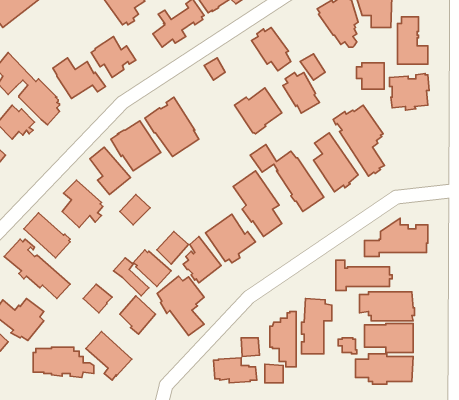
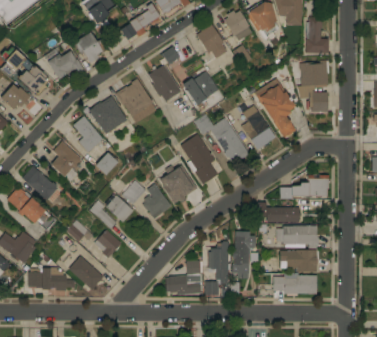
building: [356,63,384,89] -> [307,92,328,112]
building: [283,72,320,113] -> [223,10,251,41]
building: none -> [147,65,180,101]
building: [157,276,204,335] -> none

